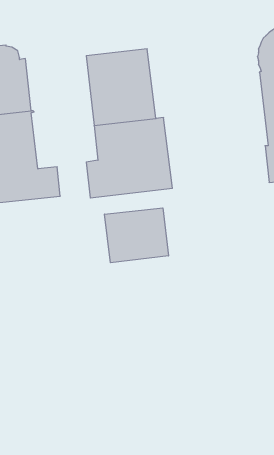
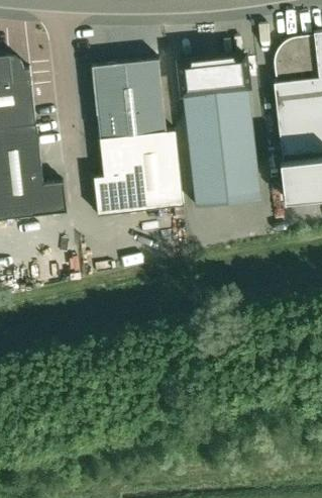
building: none -> [177,54,258,207]
building: [105,208,168,263] -> none

